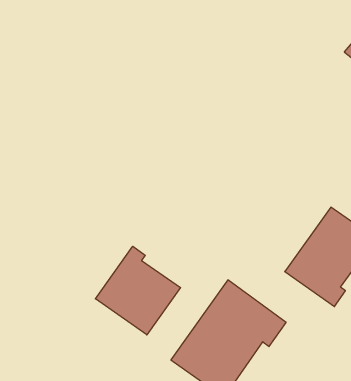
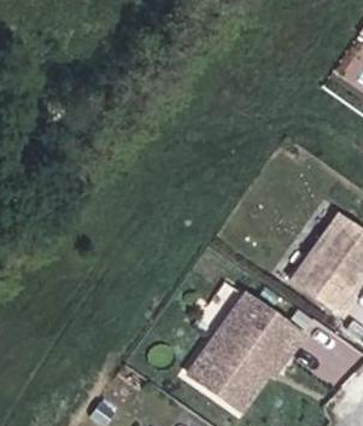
building: [95,246,181,335] -> none

